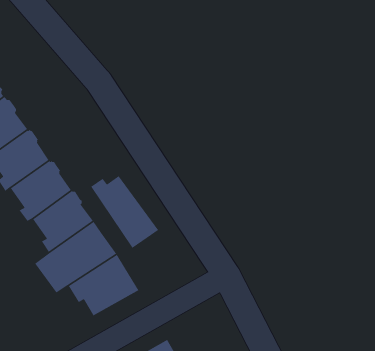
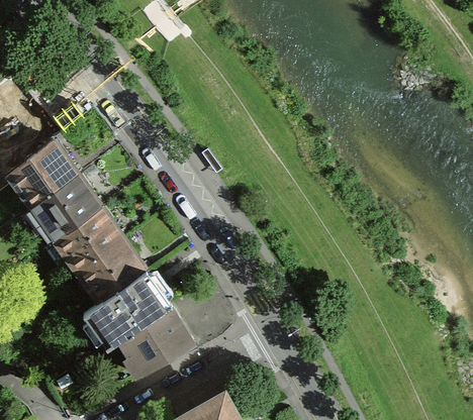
building: [90,175,159,249] -> none

